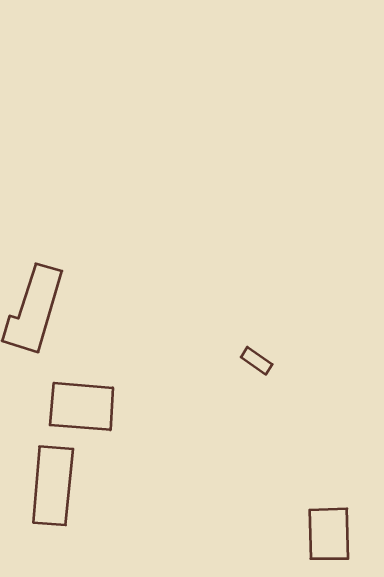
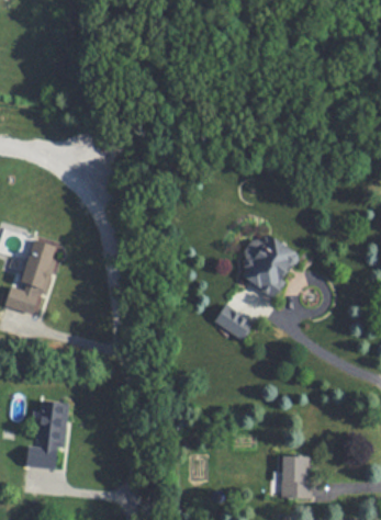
building: none -> [240,234,302,296]
building: [50,383,113,430] -> none

